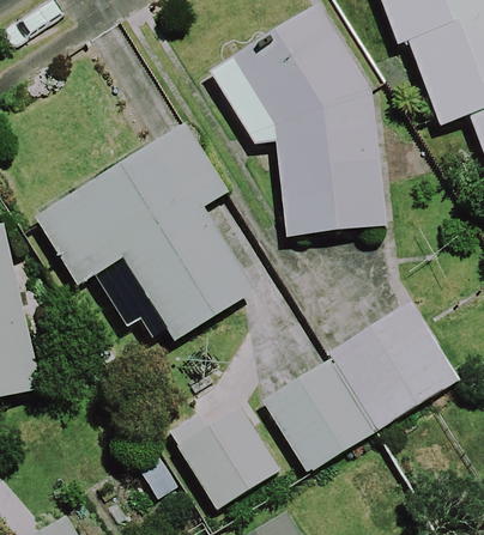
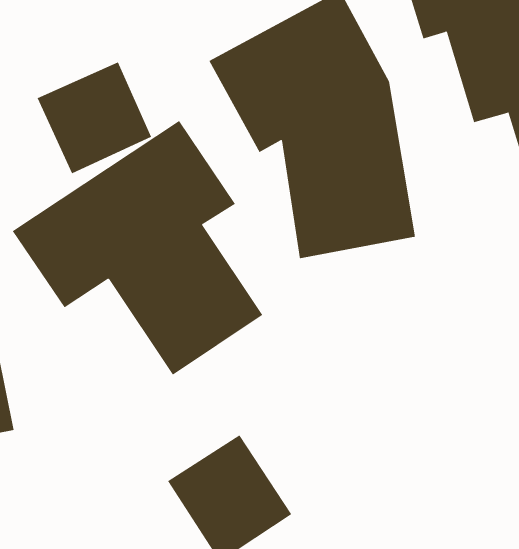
building: none -> [37,62,152,174]
building: [268,296,462,466] -> none

